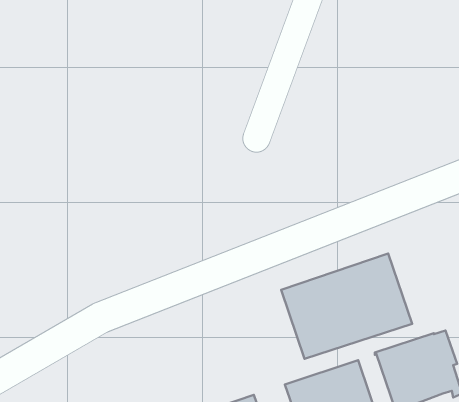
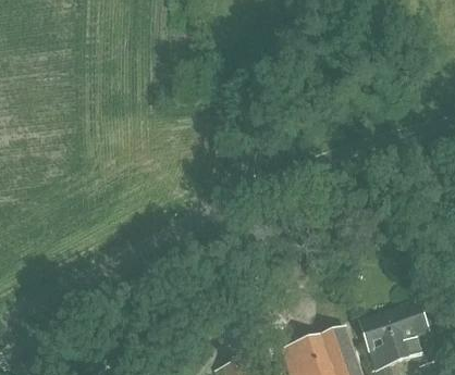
building: [281,254,412,359] -> none

